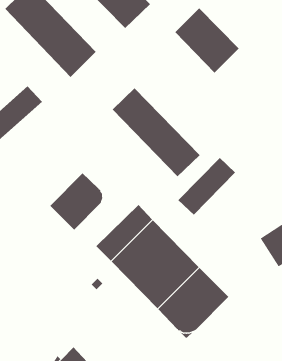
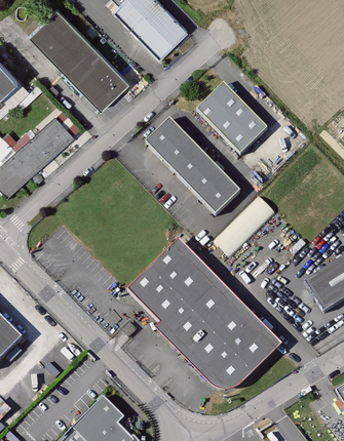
building: [174,7,239,73] -> [197,84,267,155]
building: [49,172,103,230] -> none

